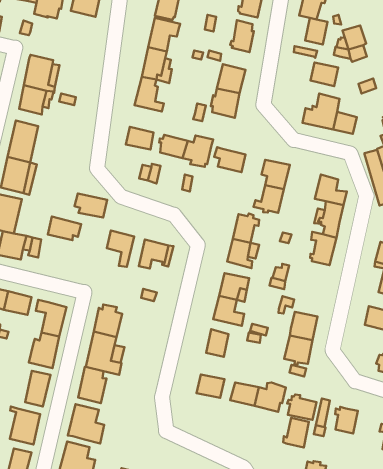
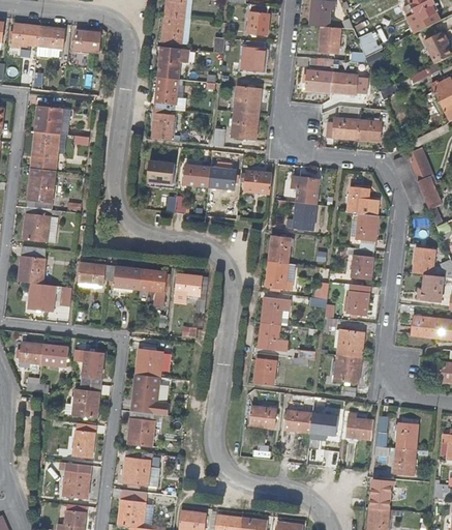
building: none -> [300,69,331,91]
building: [74,193,107,218] -> [109,266,142,288]
building: none -> [349,283,370,315]
building: [283,418,309,448] -> [391,446,415,475]

